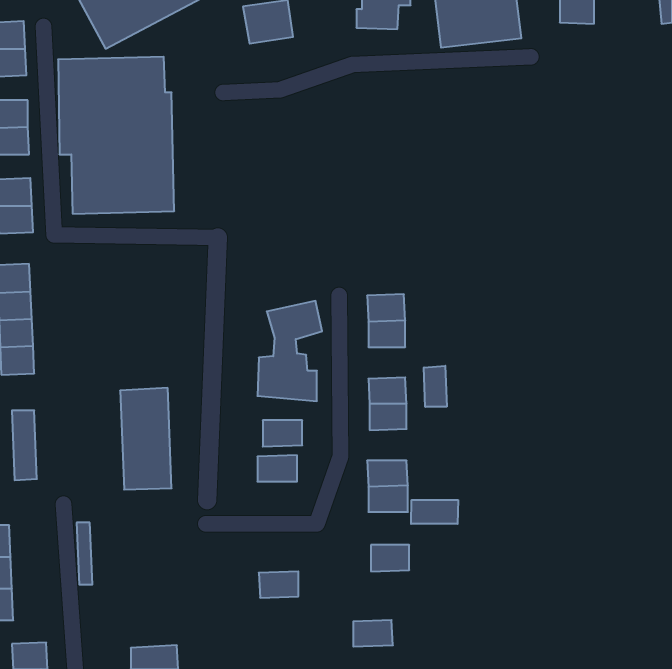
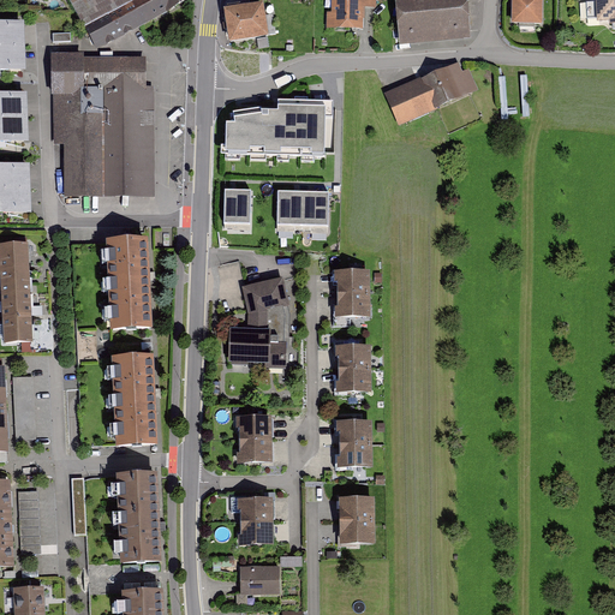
building: none -> [383,61,471,124]
building: none -> [223,108,323,157]
building: none -> [222,190,249,223]
building: none -> [275,192,326,226]
building: none -> [105,238,150,329]
building: [424,366,447,407] -> none
building: [263,420,302,447] -> [234,438,270,462]
building: [411,500,458,524] -> none
building: none -> [114,471,160,563]
building: none -> [16,488,38,551]
building: none -> [235,497,271,521]
building: none -> [238,563,277,592]
building: [353,620,393,647] -> [338,519,374,543]

